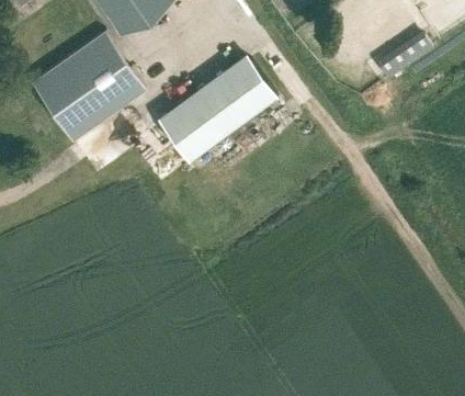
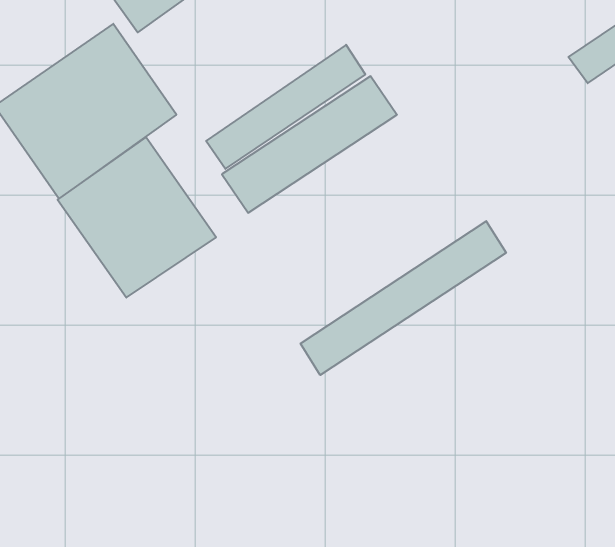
building: none -> [58,137,216,298]
building: none -> [301,221,506,375]

